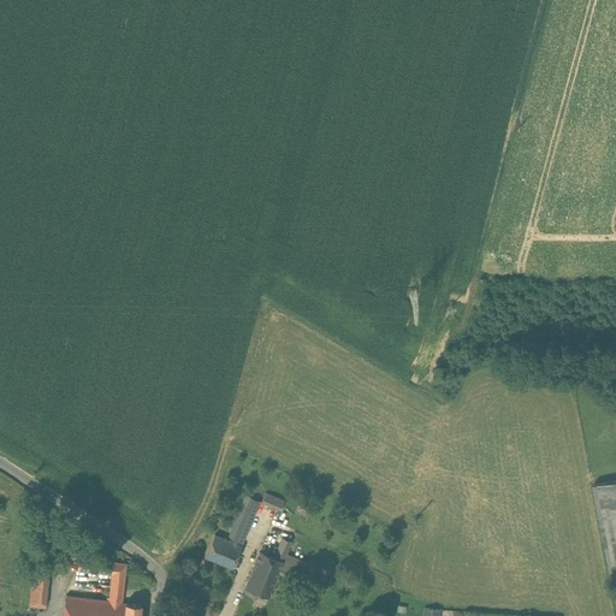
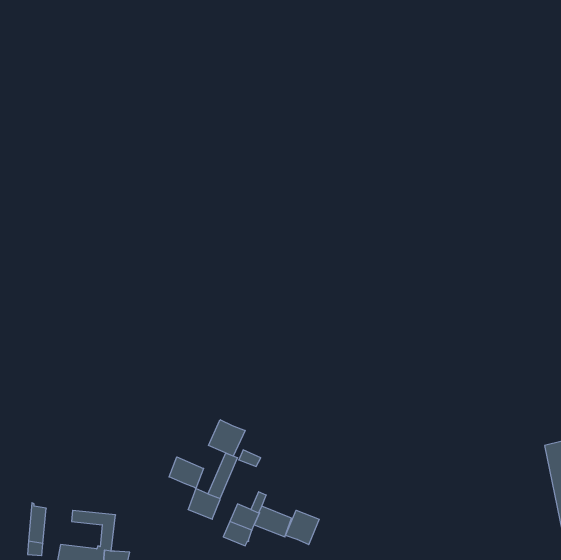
building: none -> [208,420,245,456]
building: none -> [169,457,204,488]
building: none -> [285,510,319,545]

